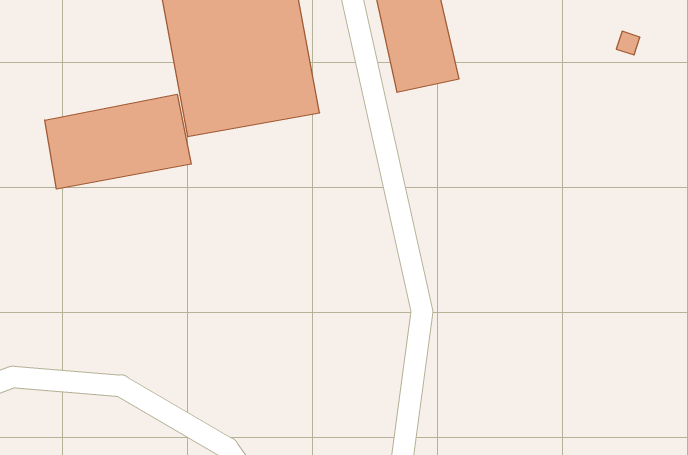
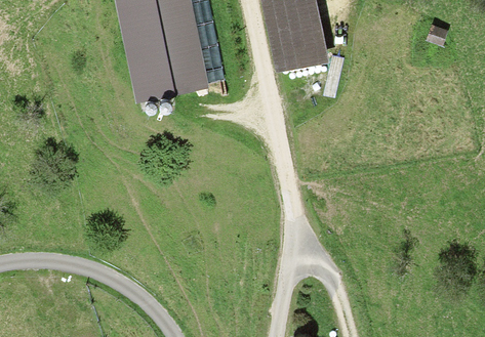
building: [45,94,191,189] -> none

